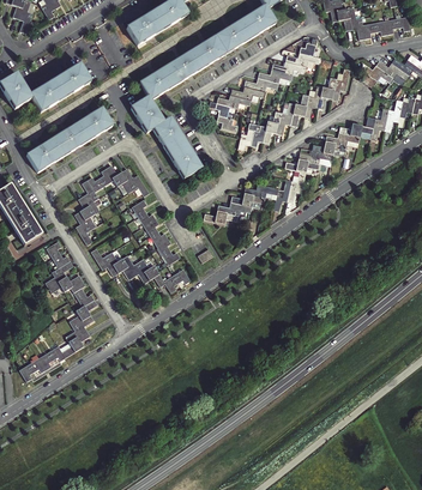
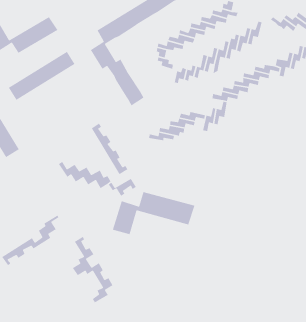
building: [74,164,149,243] -> none
building: [43,240,96,326] -> [72,236,113,303]
building: none -> [112,191,196,235]

